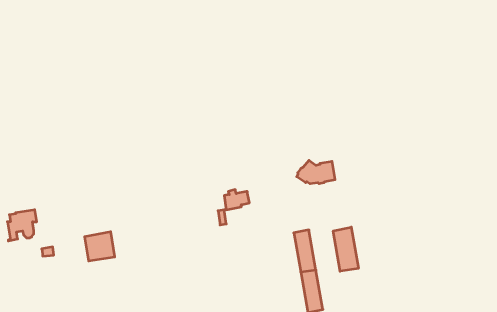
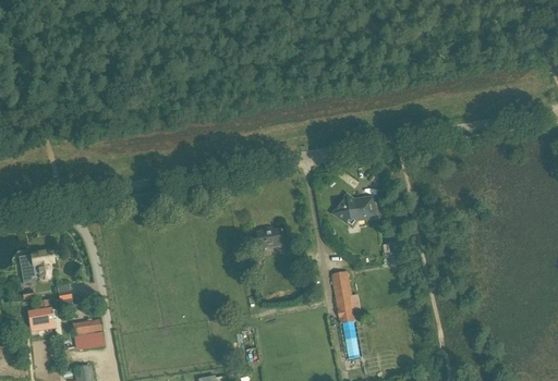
building: [333,227,358,271] -> none
building: [85,232,115,261] -> [72,318,105,349]
building: none -> [27,306,54,331]

